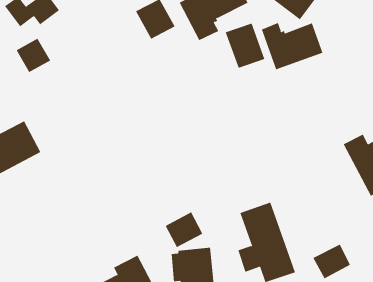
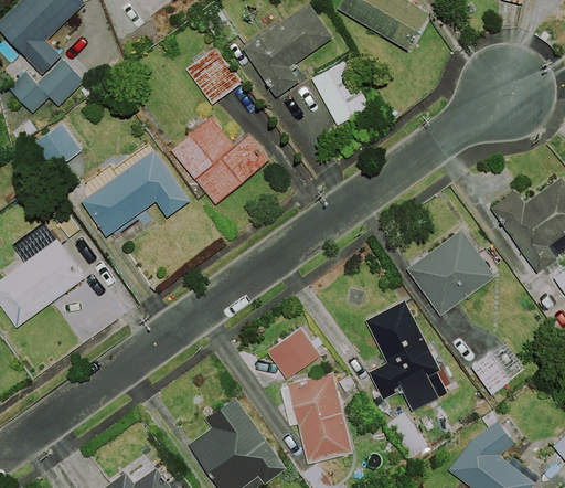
building: [261,22,323,70] -> none
building: none -> [170,116,270,203]
building: none -> [82,149,190,235]
building: none -> [406,230,494,316]

